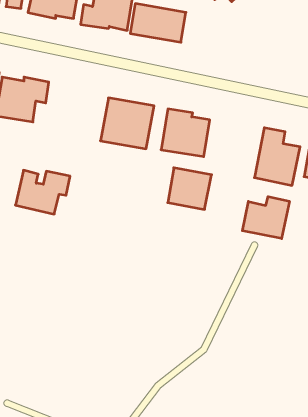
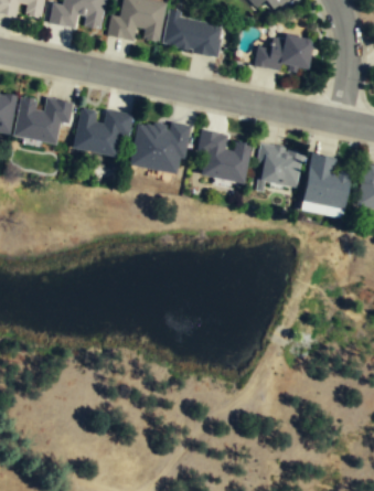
building: none -> [255,33,312,72]
building: [168,168,212,209] -> [256,141,304,188]
building: [15,170,70,214] -> [71,106,131,154]
building: [242,197,289,239] -> none

